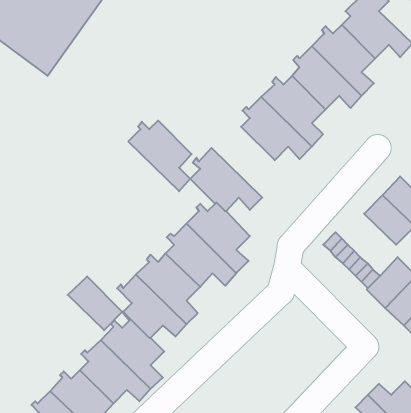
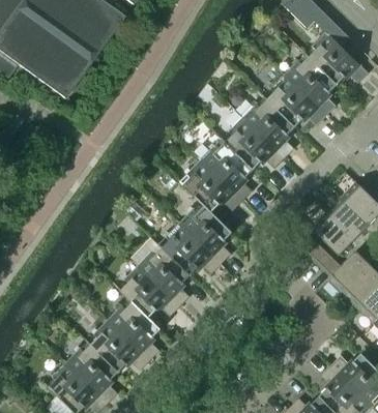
building: [128,121,192,191] -> [200,142,253,201]
building: none -> [313,214,354,256]
building: [68,276,122,330] -> none

